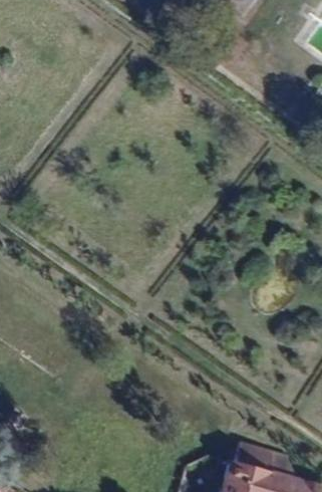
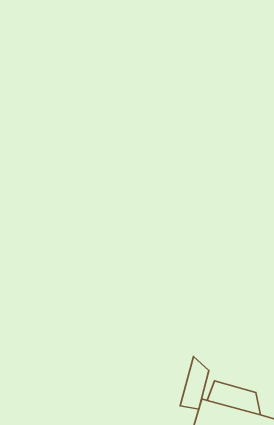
building: none -> [180,357,209,409]

